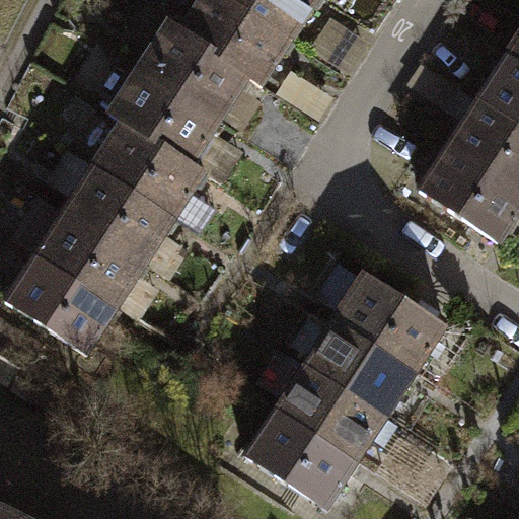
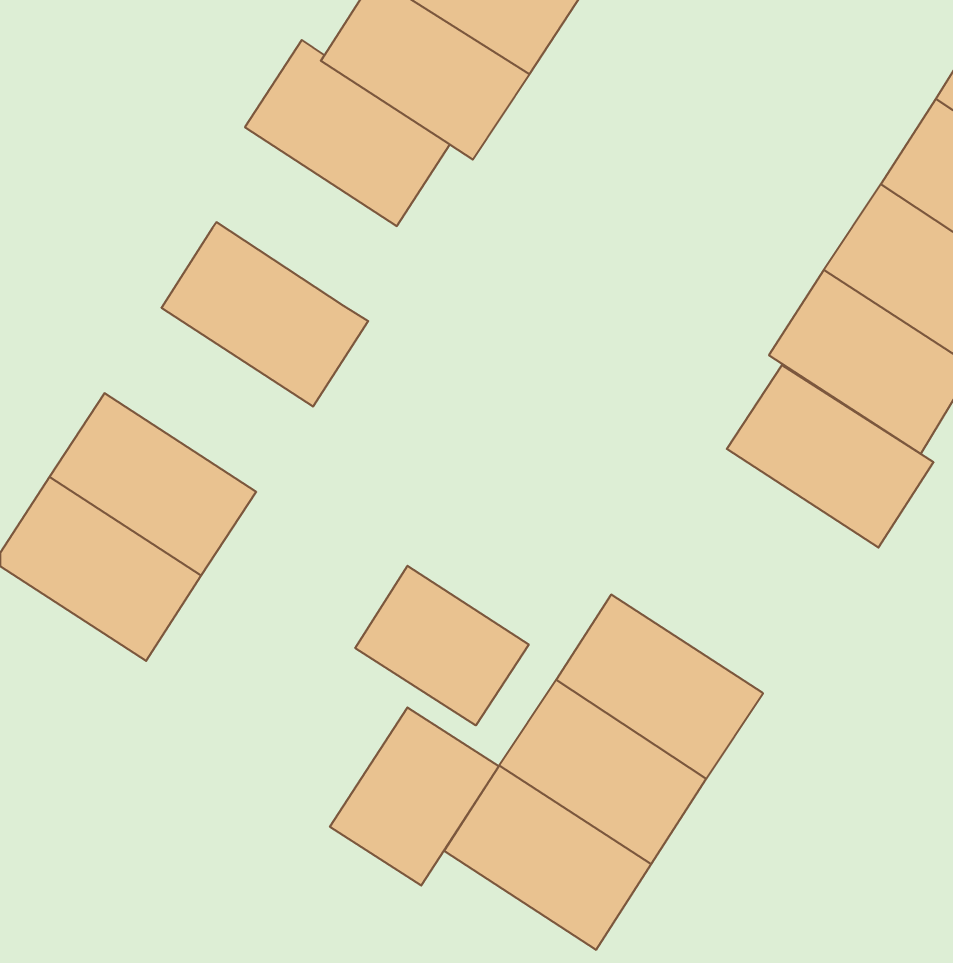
building: [109,68,221,163] -> none
building: [65,164,176,263] -> none
building: [336,273,446,370] -> [727,365,934,548]
building: none -> [355,566,529,725]
building: none -> [330,707,499,886]

